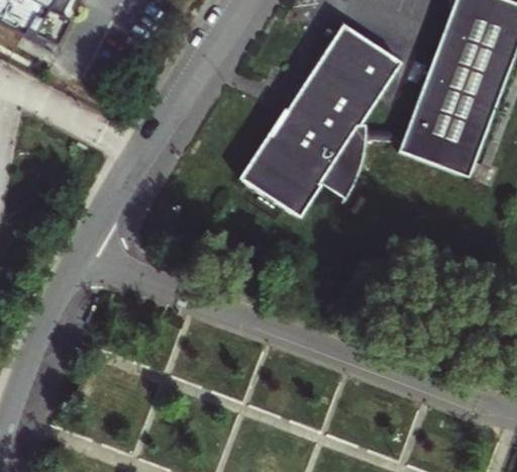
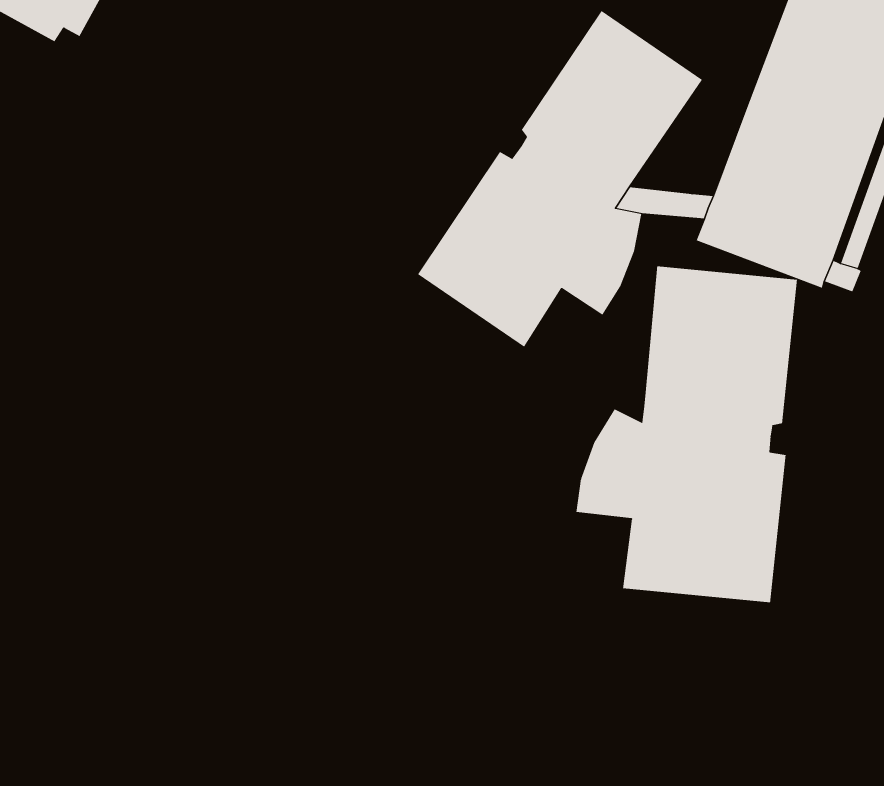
building: none -> [576,266,797,603]

